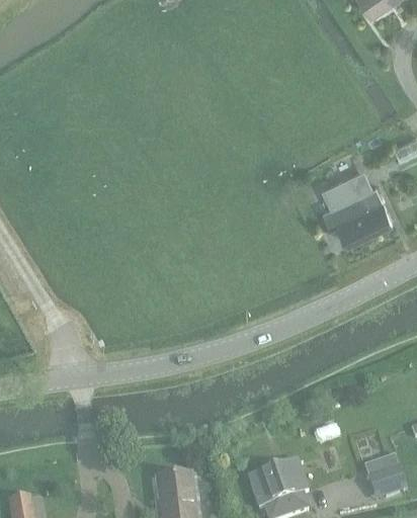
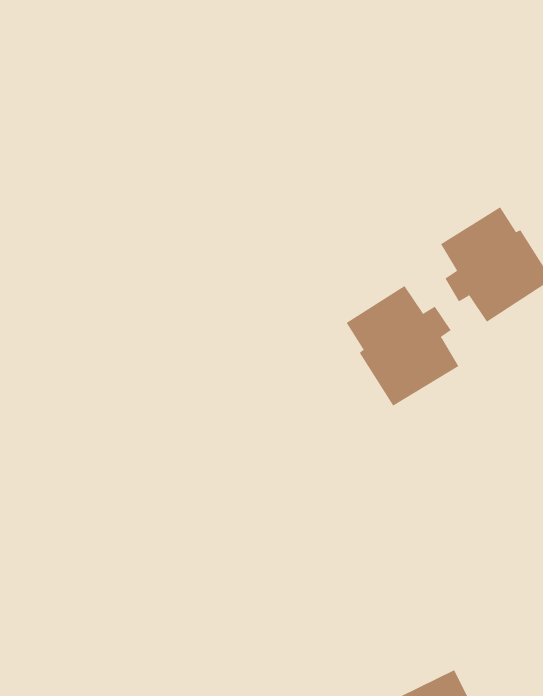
building: none -> [346,285,459,407]

